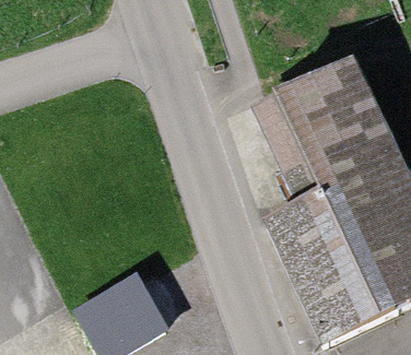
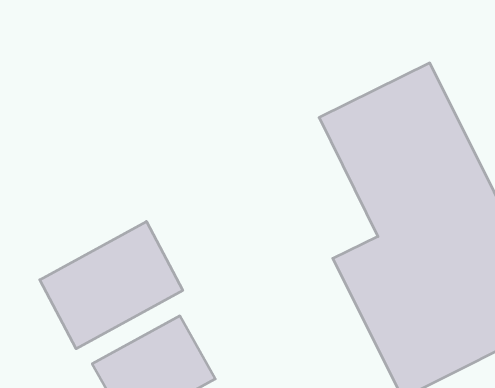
building: none -> [40,221,183,349]

